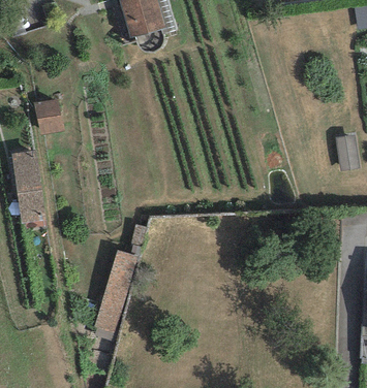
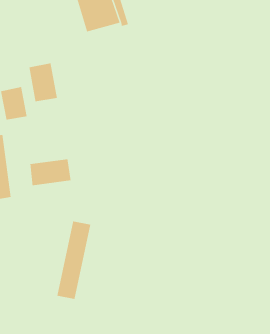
building: none -> [29,62,58,102]
building: none -> [30,159,71,186]

